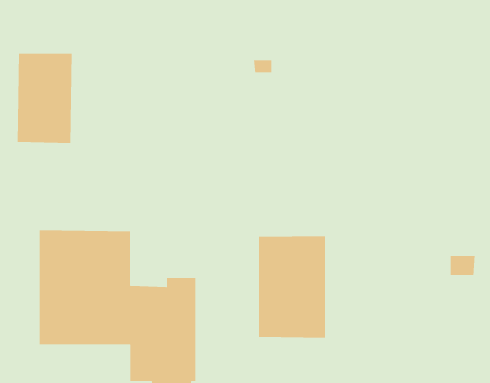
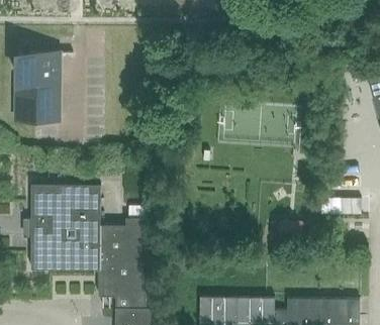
building: [258,235,326,339] -> none

